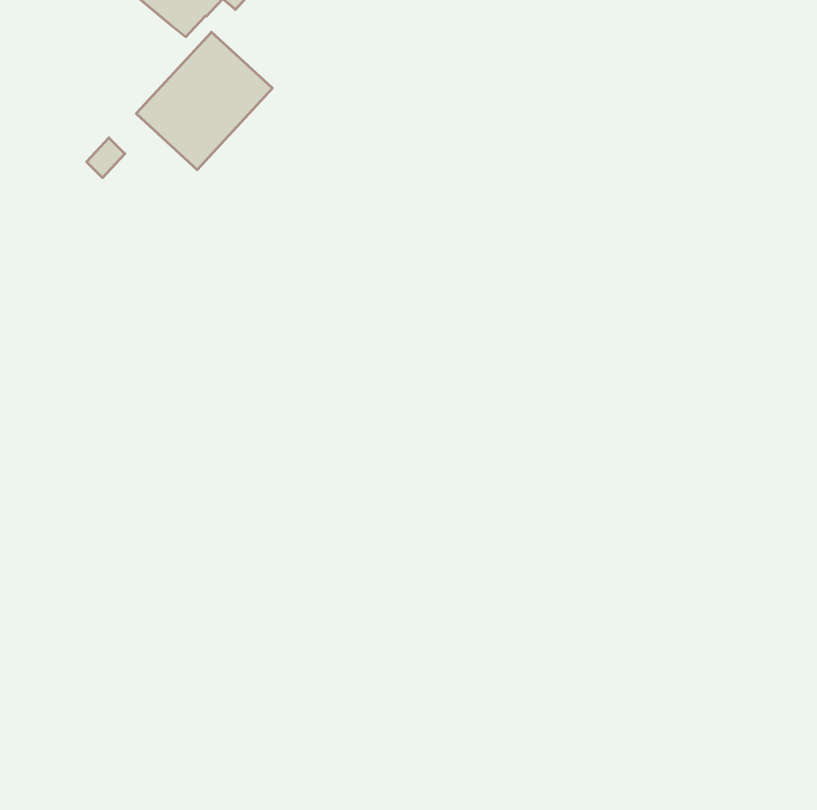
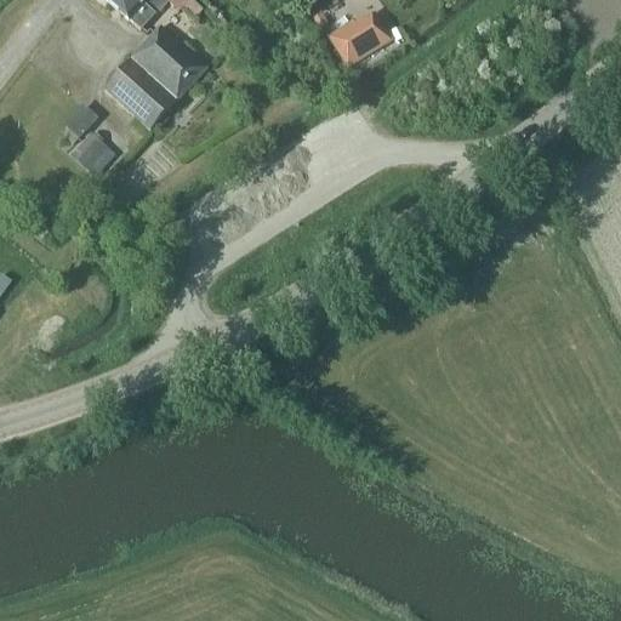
building: none -> [326,10,393,68]
building: none -> [73,131,116,175]

